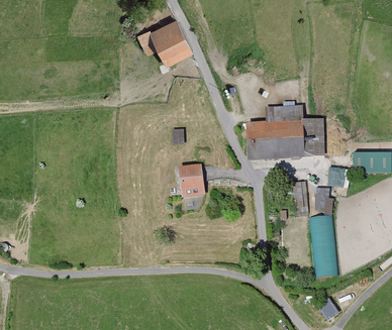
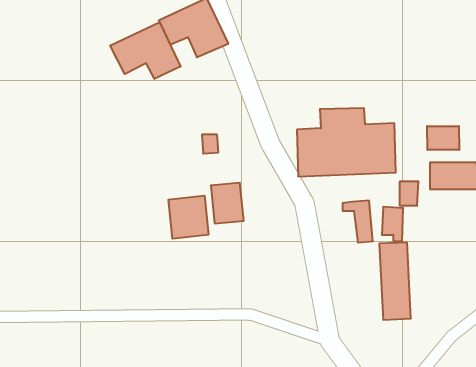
building: none -> [110,22,181,79]
building: none -> [427,126,459,150]
building: none -> [168,196,208,239]

